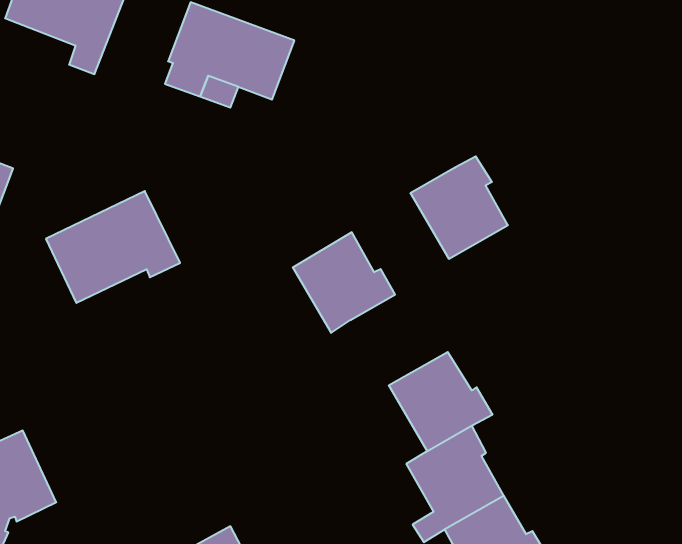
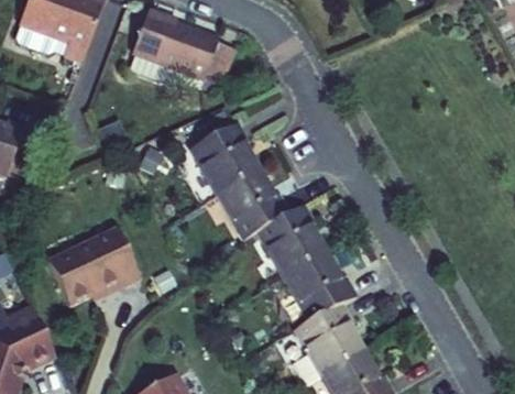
building: [410,156,508,259] -> [258,206,325,276]
building: none -> [191,123,259,195]
building: [46,191,180,303] -> [48,228,141,305]

